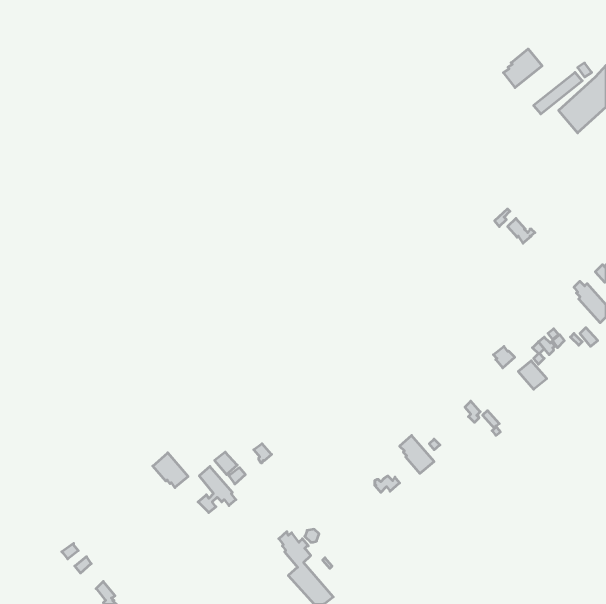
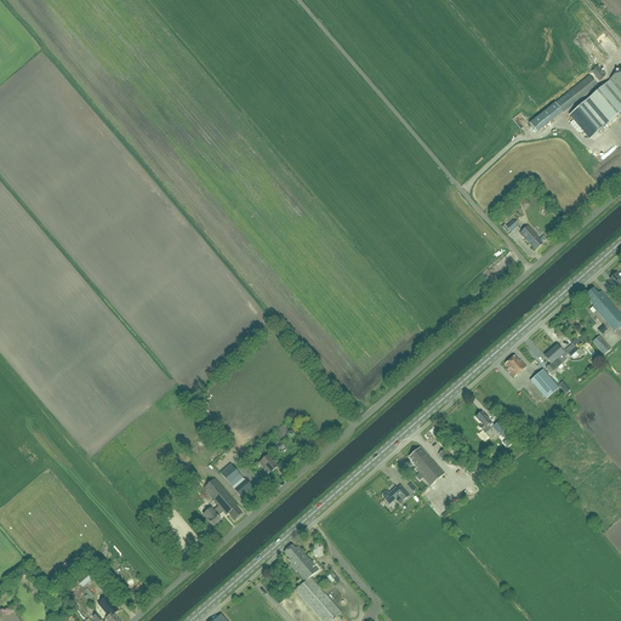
building: [503,49,542,88] -> none
building: [153,453,188,488] -> none

